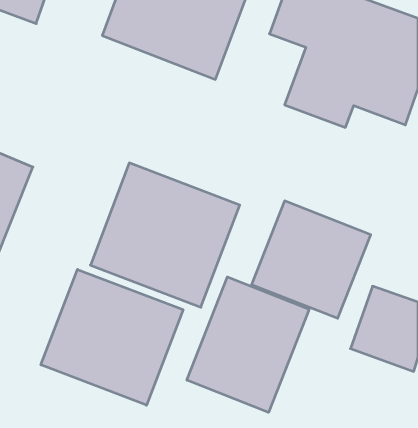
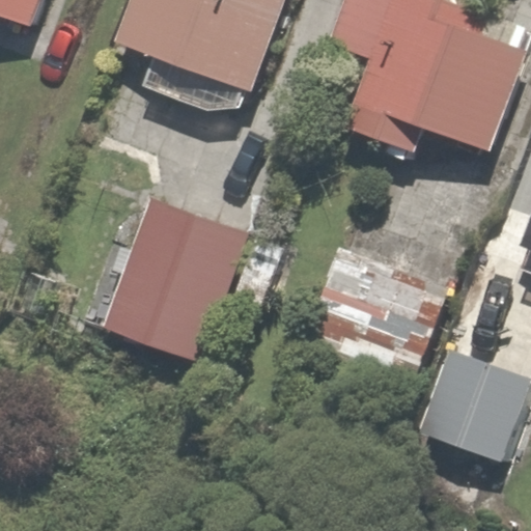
building: [41,269,183,405] -> none
building: [187,277,309,412] -> none

